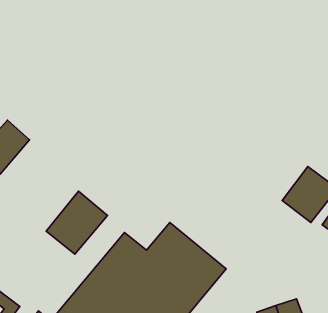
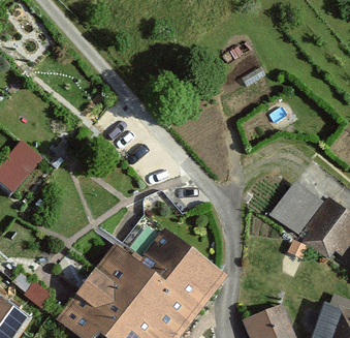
building: [46,191,107,254] -> none

